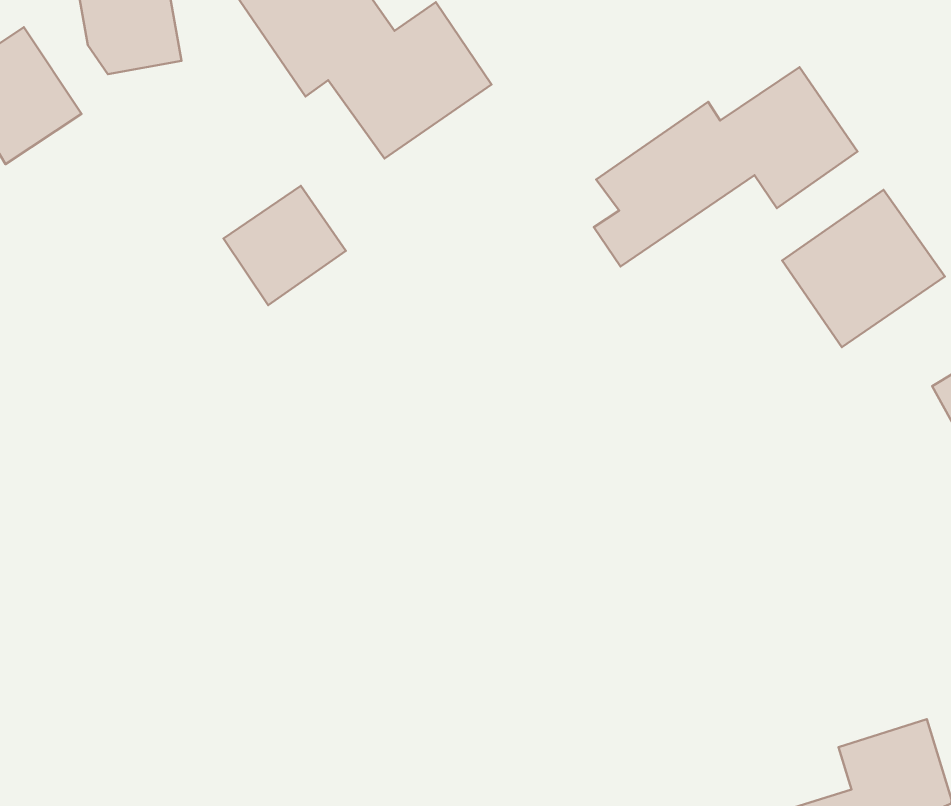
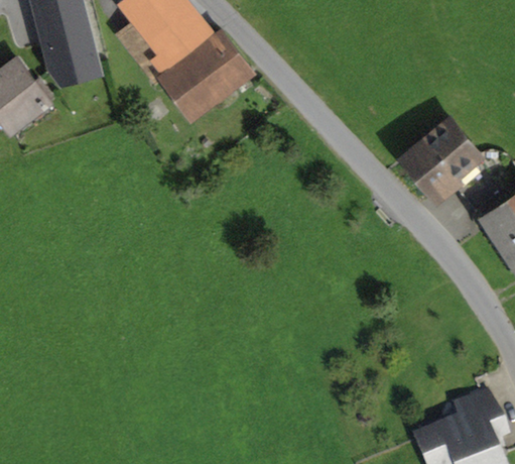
building: [594,67,857,266] -> none
building: [224,186,346,305] -> none

